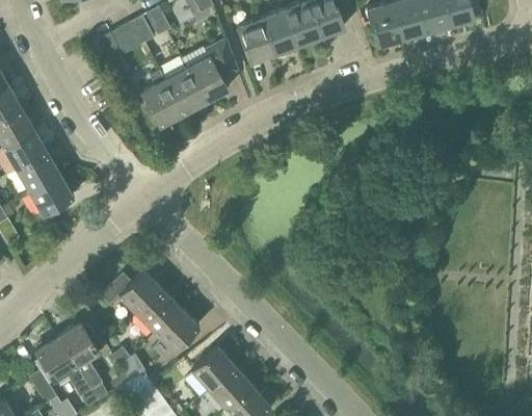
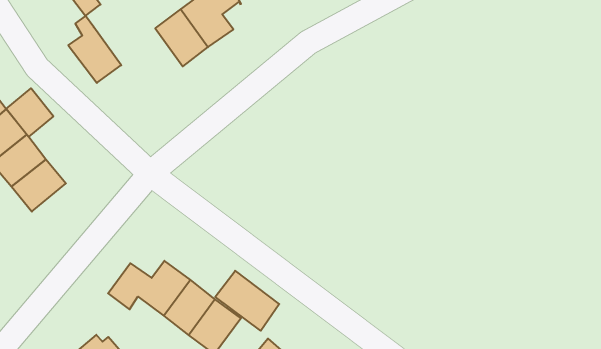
building: [142,71,183,127] -> [68,16,121,83]
building: none -> [6,88,53,137]
building: none -> [215,271,279,331]

